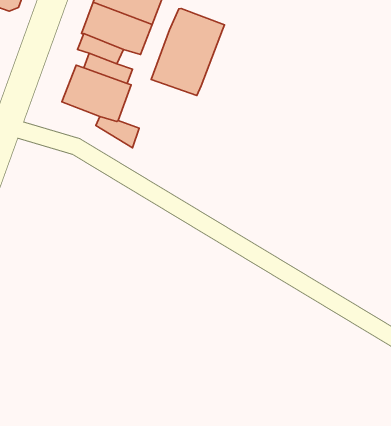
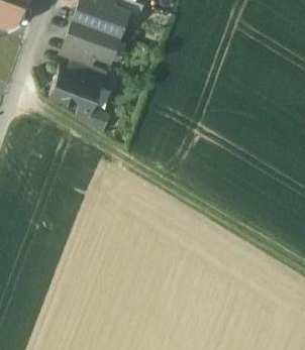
building: [151,9,224,96] -> none

